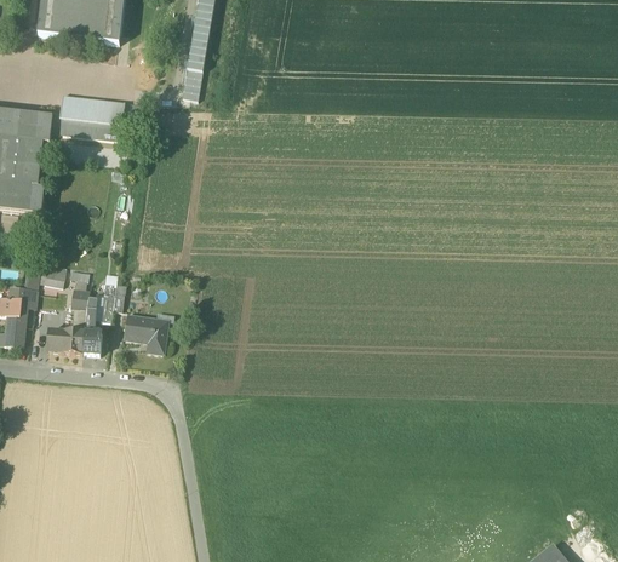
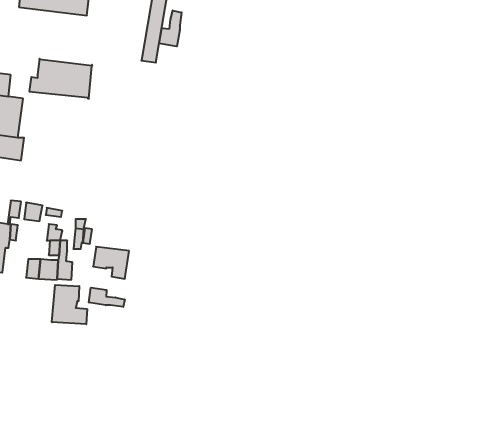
building: none -> [159,10,182,46]
building: [25,113,52,142] -> none
building: none -> [52,285,87,324]
building: none -> [89,288,125,307]

